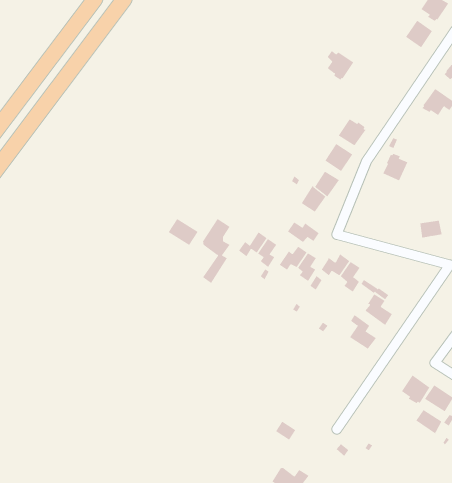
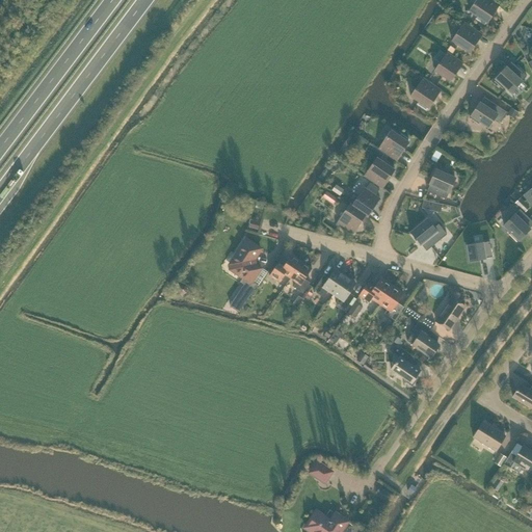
building: none -> [434,50,463,81]
building: [327,50,354,80] -> [410,76,441,109]
building: none -> [410,218,447,250]
building: [168,218,198,246] -> none
building: [287,222,320,243] -> none
building: none -> [435,297,466,329]
building: [401,375,430,404] -> none
building: [416,409,442,435] -> none

